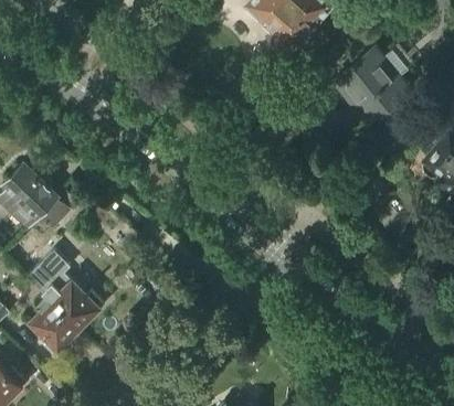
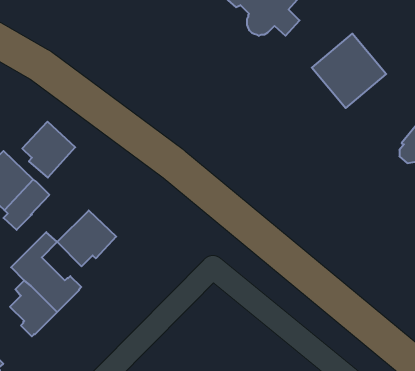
building: none -> [22,122,75,178]
building: none -> [57,210,116,266]

